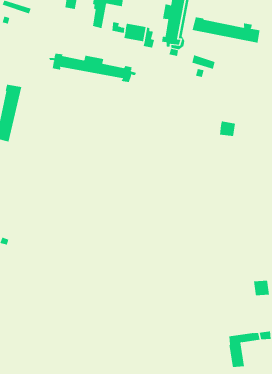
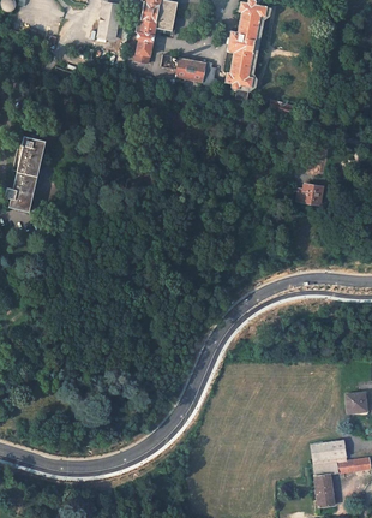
building: [192,17,260,43] -> none
building: [49,53,137,83] -> none
building: none -> [311,439,346,460]

